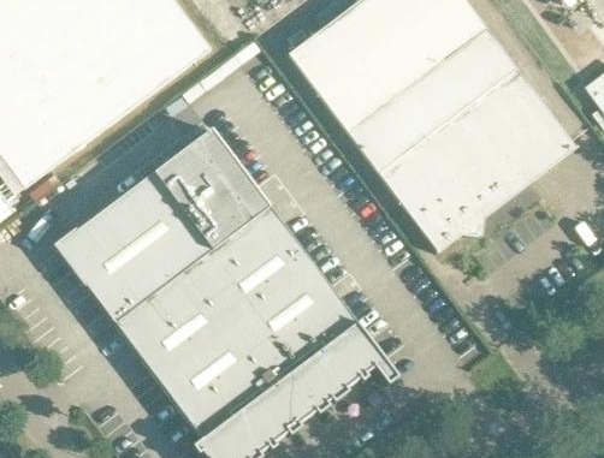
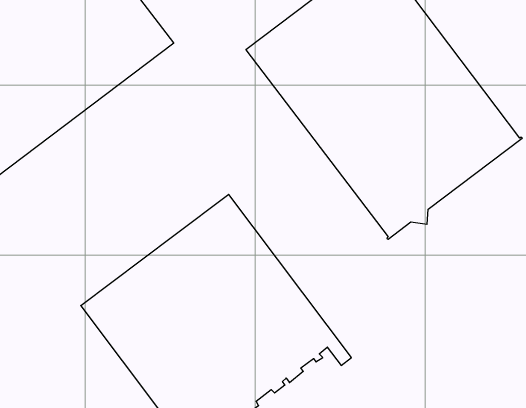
building: [55,129,270,322] -> none

